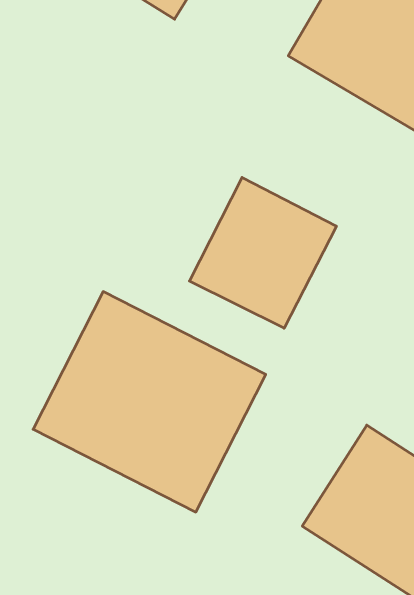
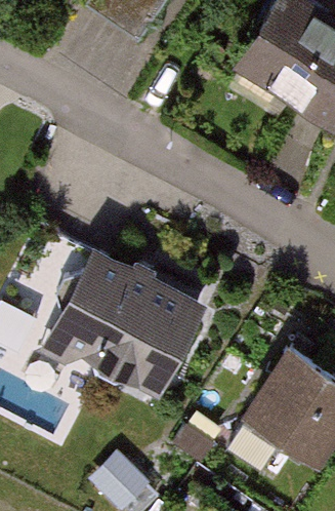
building: [189,177,336,328] -> none

